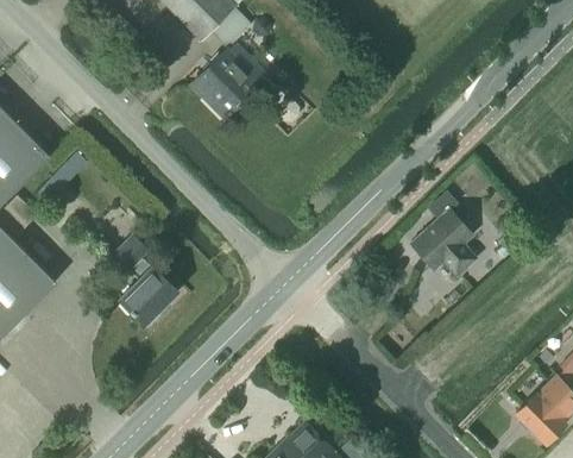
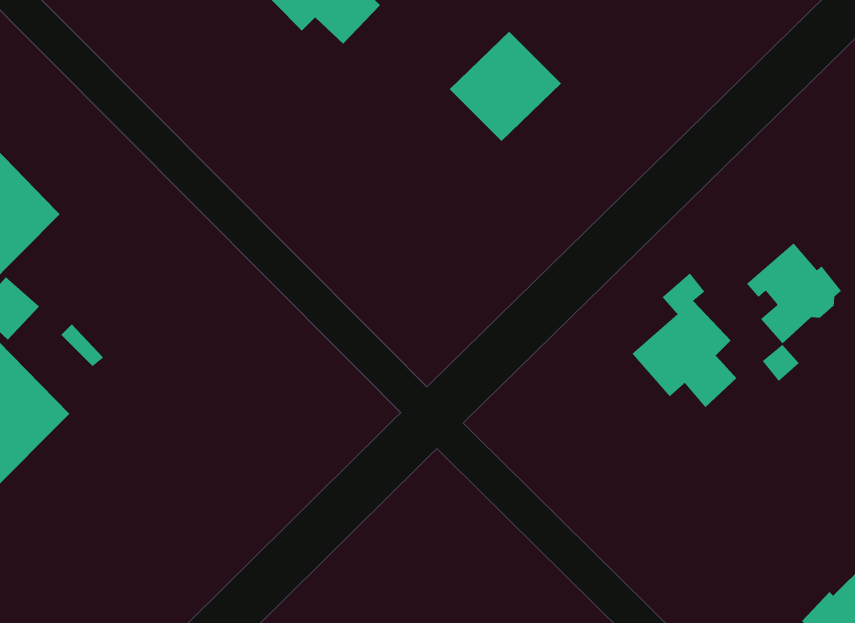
building: [190,49,262,119] -> [449,31,562,142]
building: none -> [746,242,842,344]
building: [112,236,178,326] -> none

